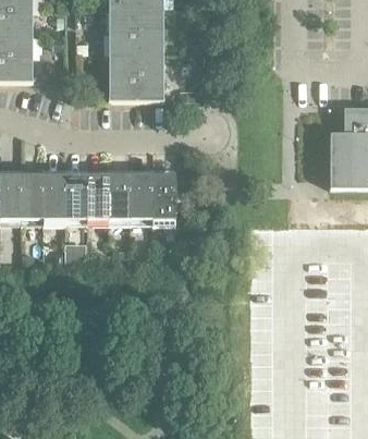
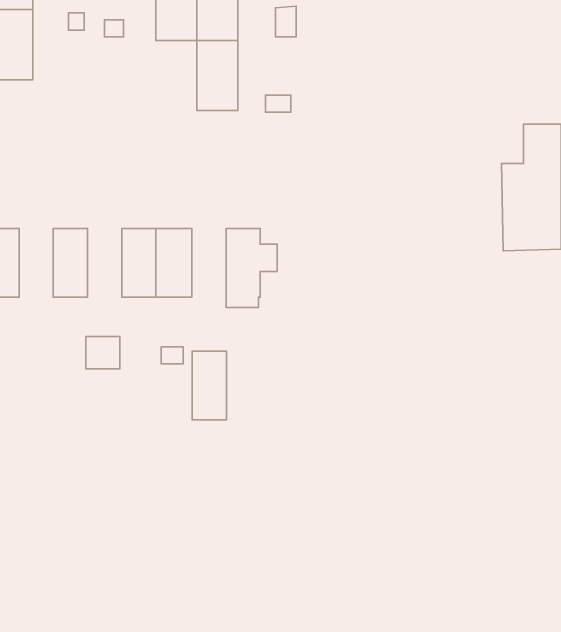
building: [109,54,135,99] -> none
building: [22,174,44,218] -> none
building: [65,174,87,218] -> none
building: [132,174,154,218] -> [192,351,226,420]

